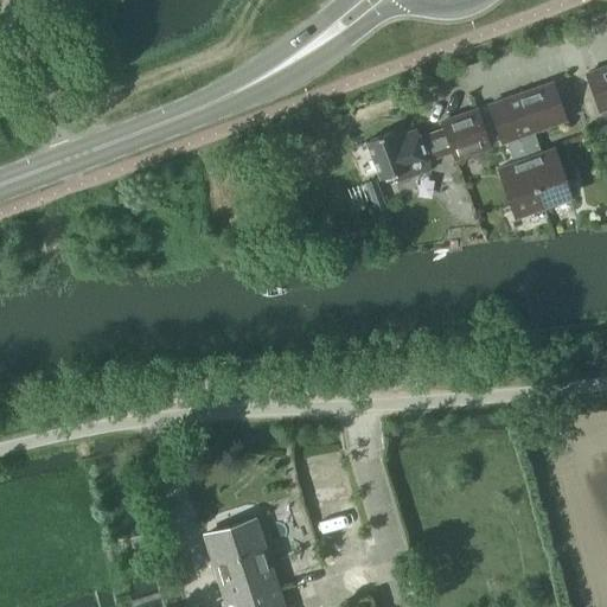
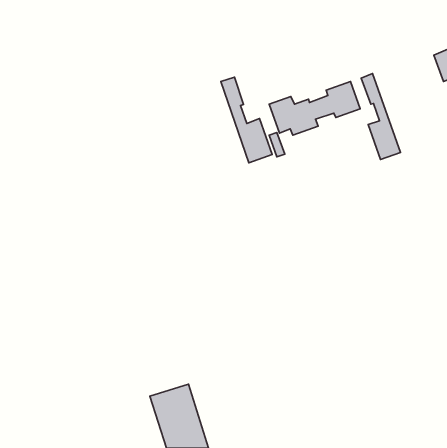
building: [505,83,570,206] -> none
building: none -> [221,77,272,163]

